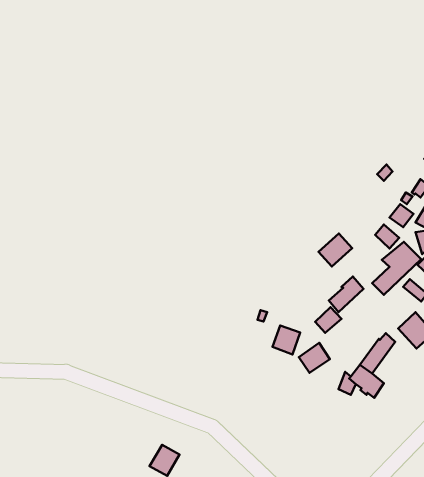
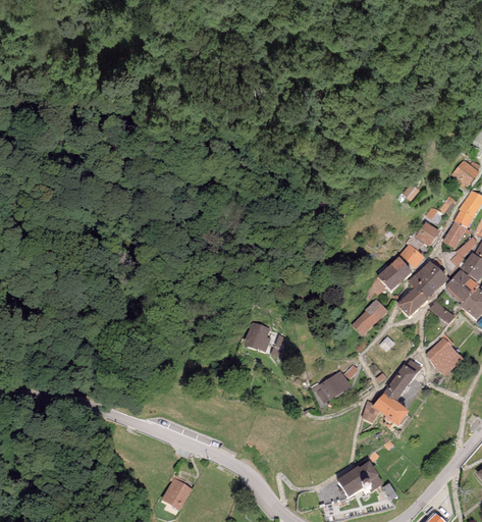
building: [318,234,352,266] -> [377,257,413,292]
building: [315,307,341,333] -> none
building: [272,326,300,355] -> [244,321,273,352]
building: none -> [336,462,383,498]

